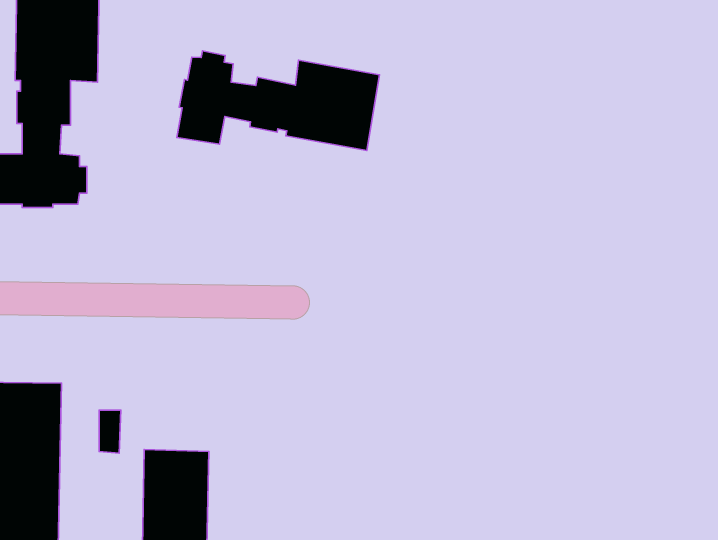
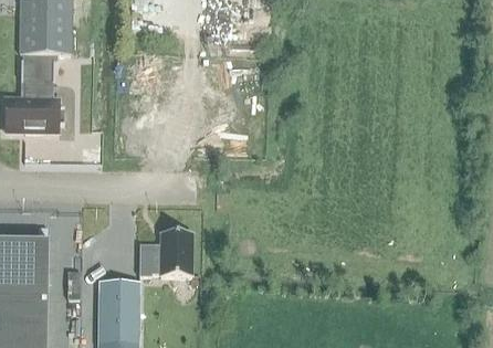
building: [177,51,379,150] -> none
building: none -> [139,231,192,275]

